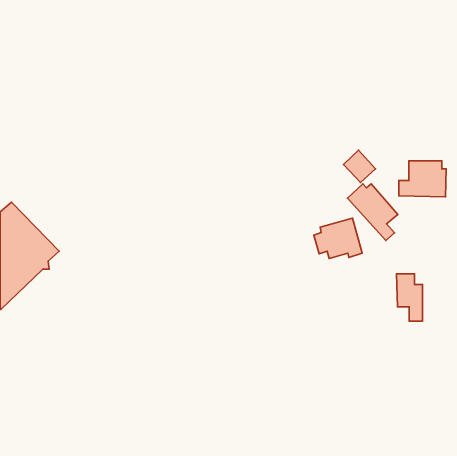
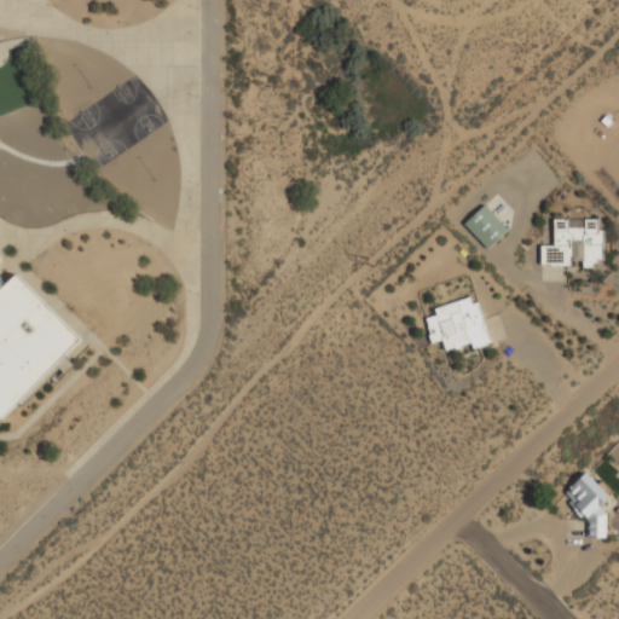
building: [348,184,398,240] -> none
building: [397,274,423,321] -> [569,473,604,537]

